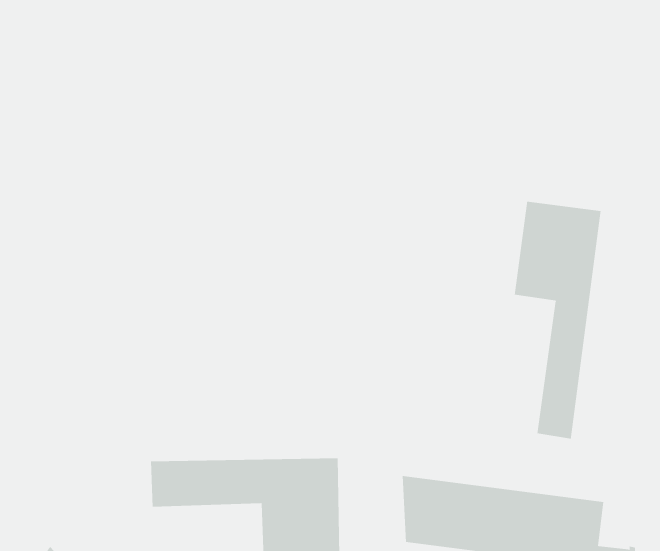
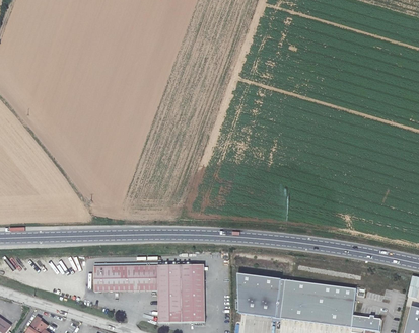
building: [514,201,601,440] -> none

